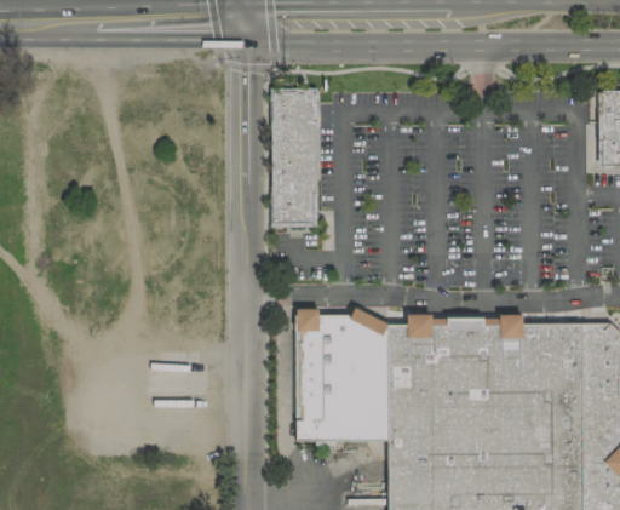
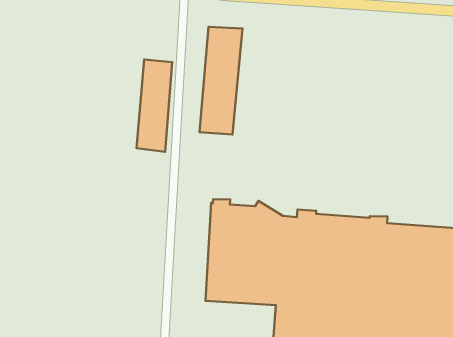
building: none -> [137,59,172,152]

